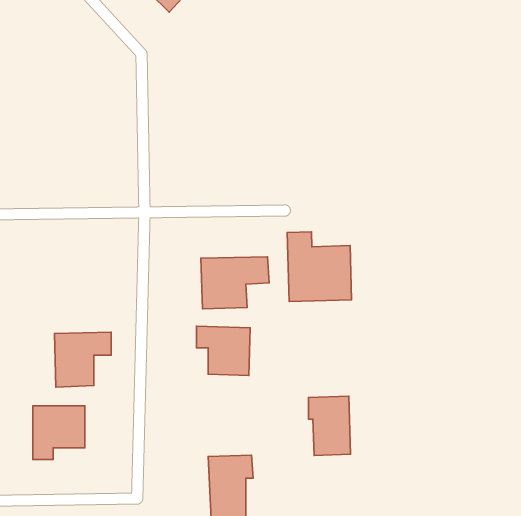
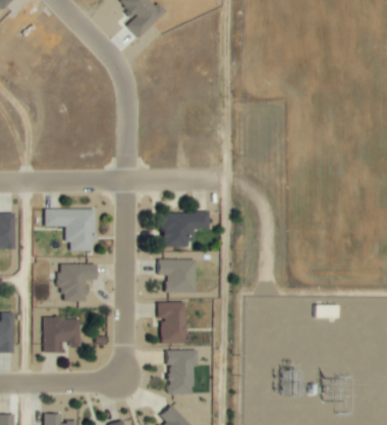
building: [287,232,352,302] -> none
building: none -> [45,208,96,251]
building: [308,396,350,455] -> [158,302,187,344]

